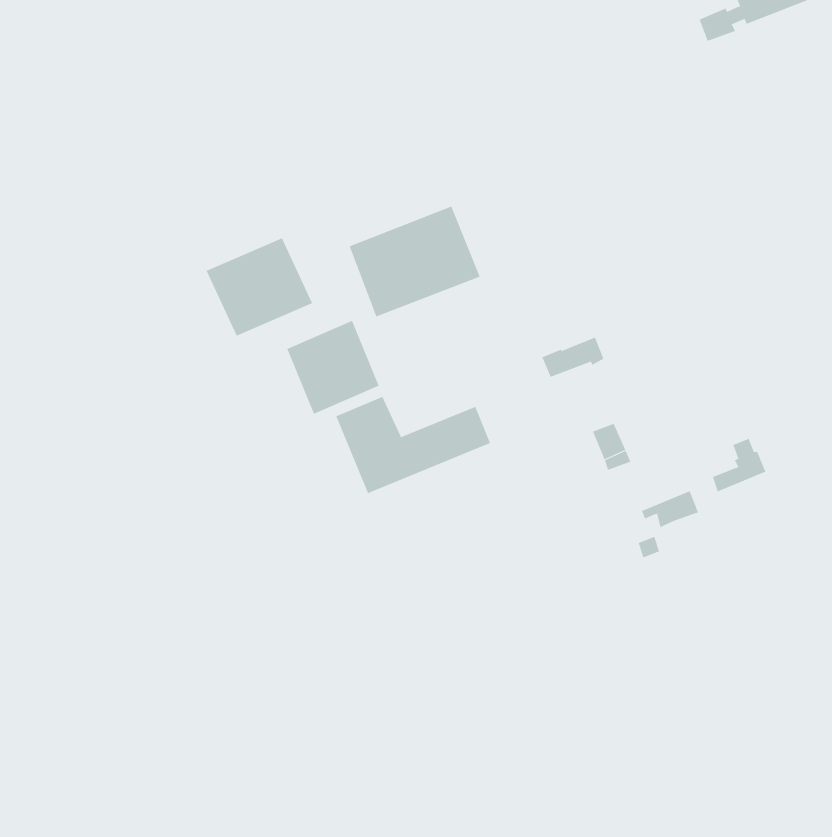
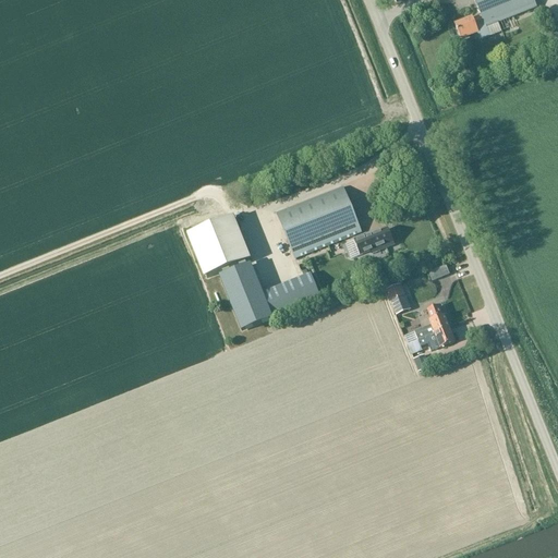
building: [349,206,481,317] -> [277,183,362,255]
building: [206,237,313,337] -> none
building: [712,438,766,492] -> [414,303,449,338]

